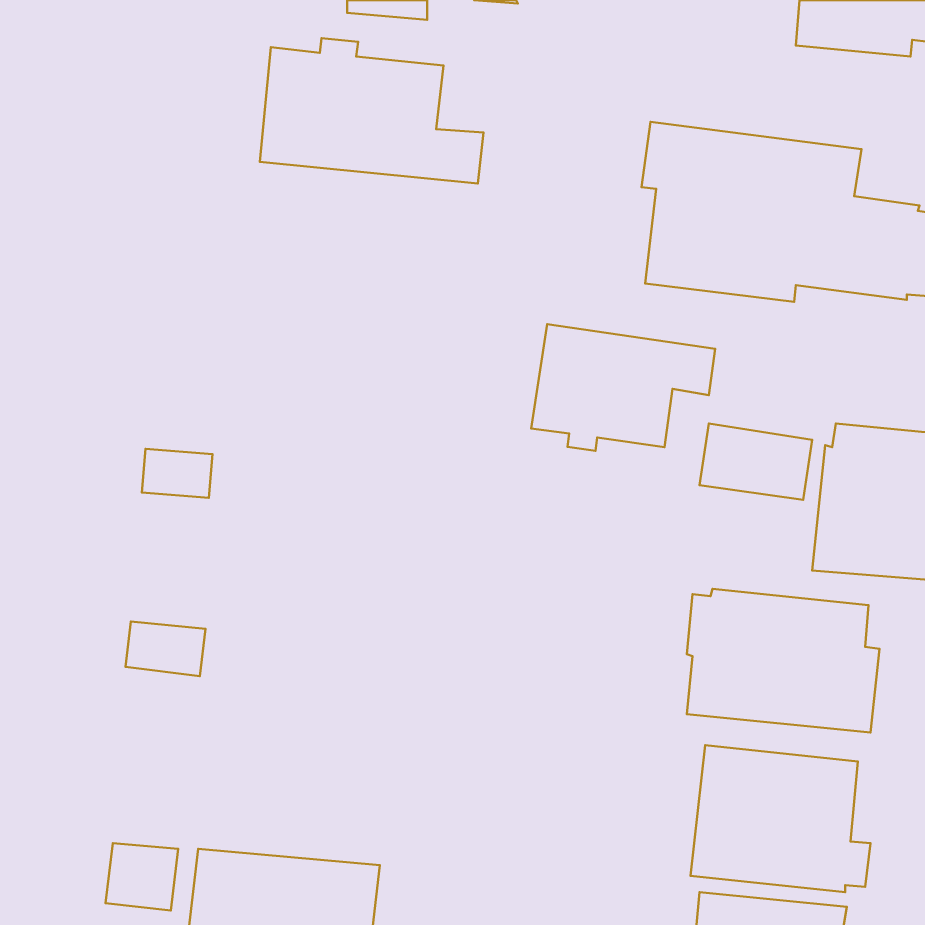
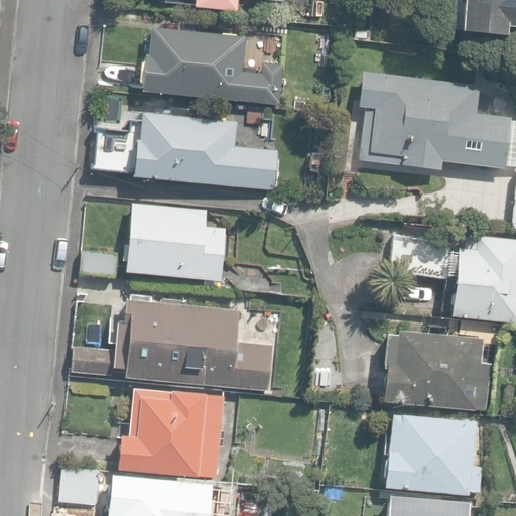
building: none -> [135,107,282,191]
building: [531,324,715,451] -> none
building: none -> [126,202,226,283]
building: none -> [124,297,274,388]
building: none -> [117,387,223,477]

